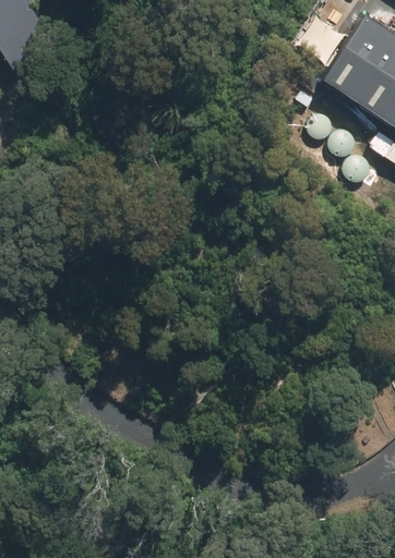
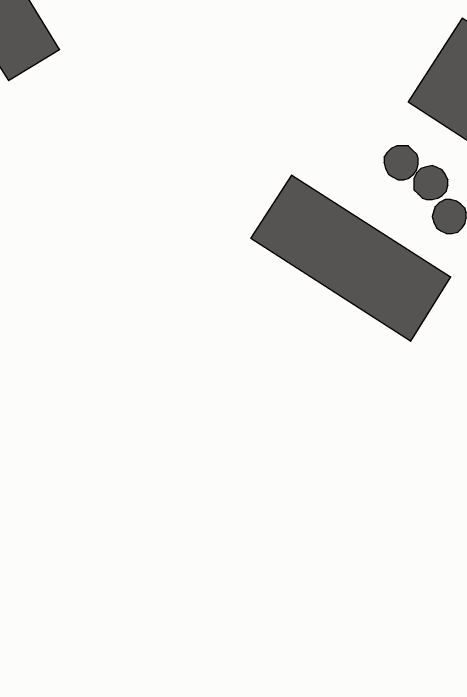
building: none -> [251,175,451,341]

